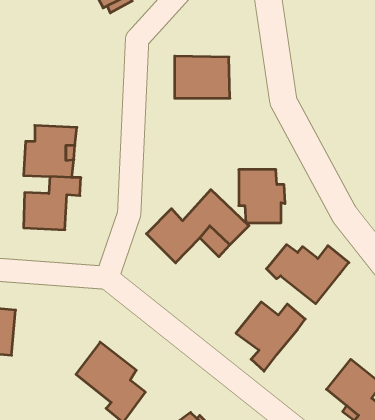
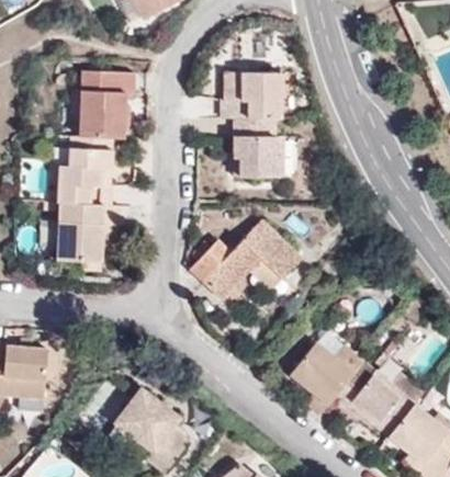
building: none -> [79,71,135,137]
building: [239,170,285,223] -> [234,118,284,177]
building: [266,245,349,304] -> [334,372,424,436]

